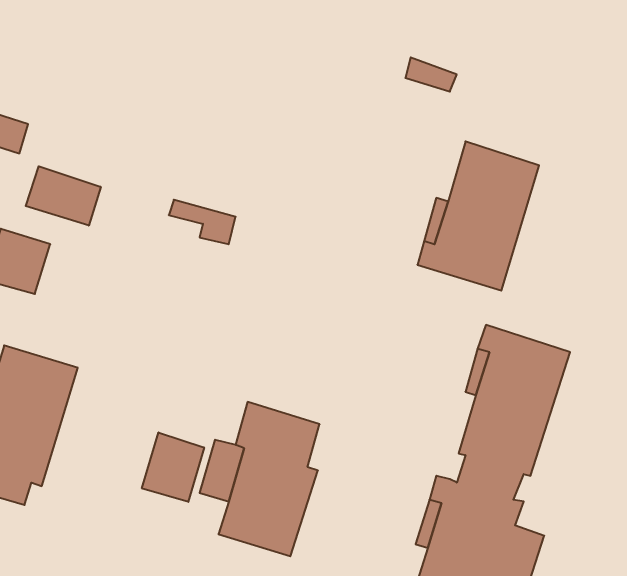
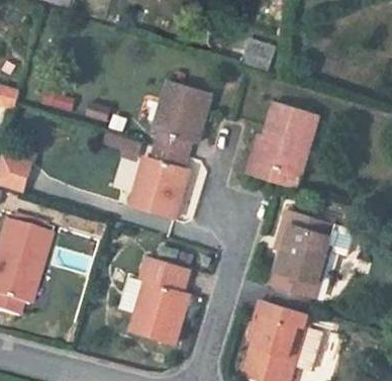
building: none -> [131,80,213,219]
building: [26,166,101,226] -> none
building: [142,432,204,502] -> none

